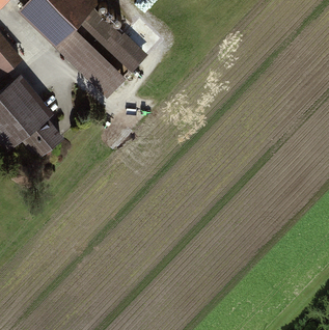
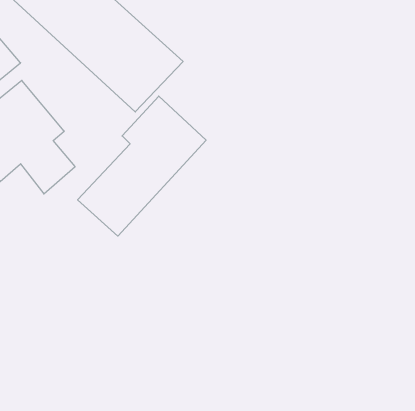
building: none -> [78,96,206,236]

